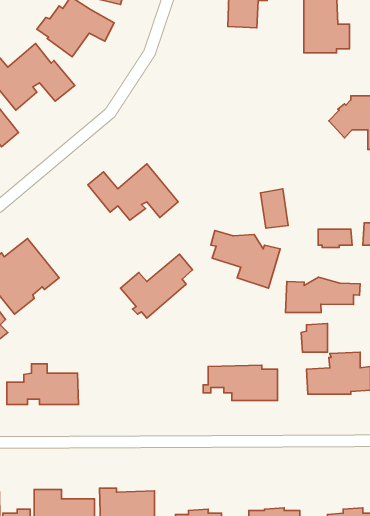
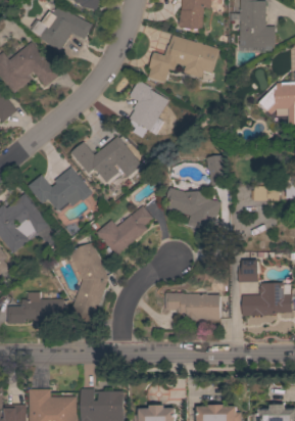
building: none -> [148,35,218,82]
building: none -> [129,80,168,137]
building: none -> [29,167,93,211]
building: [285,277,360,313] -> none
building: none -> [69,242,108,323]

